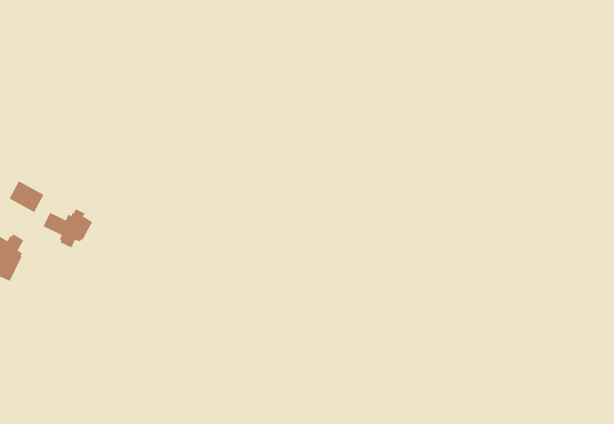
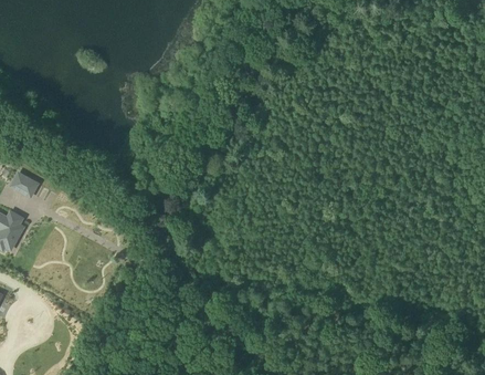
building: [43,208,93,248] -> none

